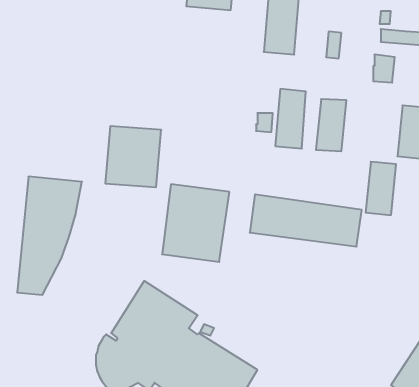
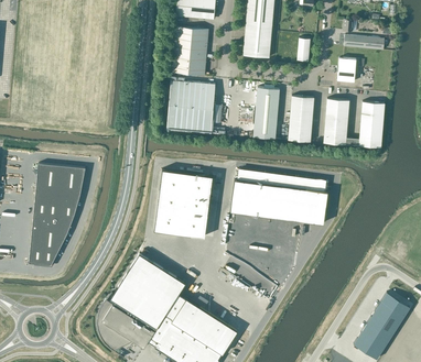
building: none -> [171,26,208,75]
building: [105,126,161,187] -> [166,80,215,133]
building: [366,162,396,215] -> [323,98,349,144]

